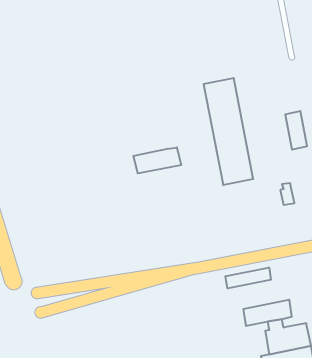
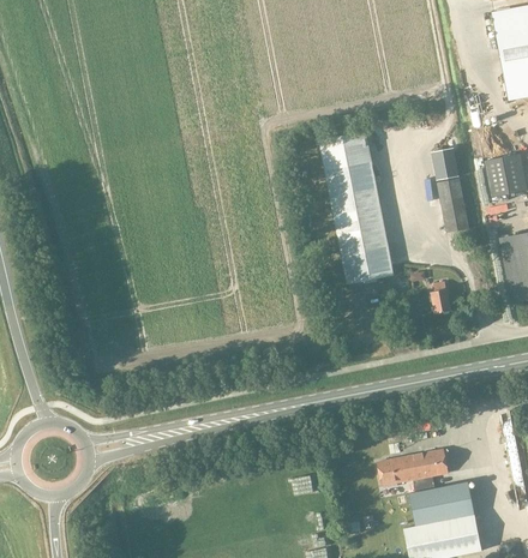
building: none -> [432,146,460,180]
building: [134,147,181,173] -> none
building: [226,267,271,288] -> none

